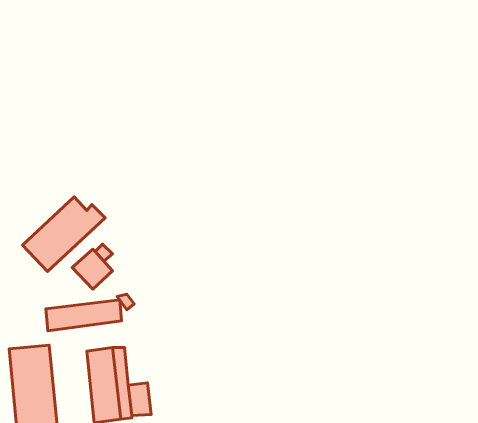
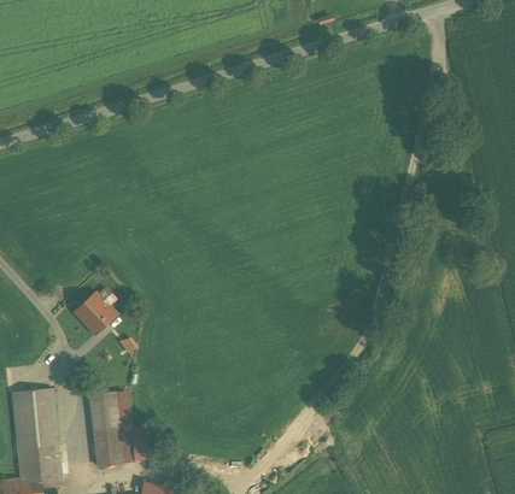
building: [23,197,105,271] -> none
building: [46,300,122,331] -> none

